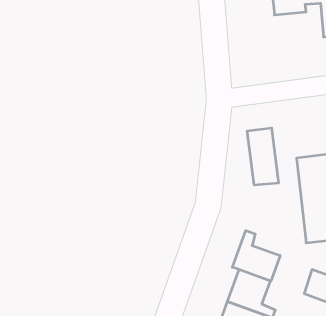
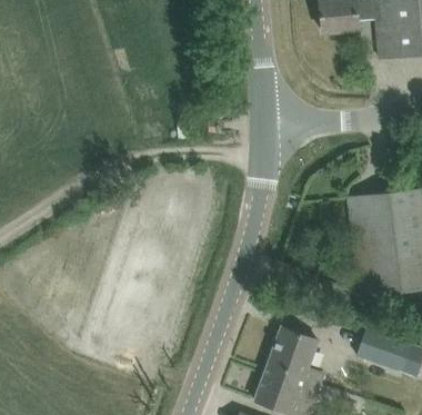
building: [247,128,278,185] -> none
building: [232,231,280,281] -> none

